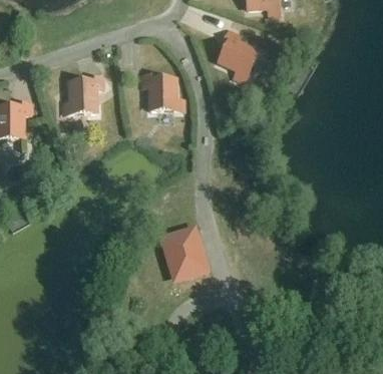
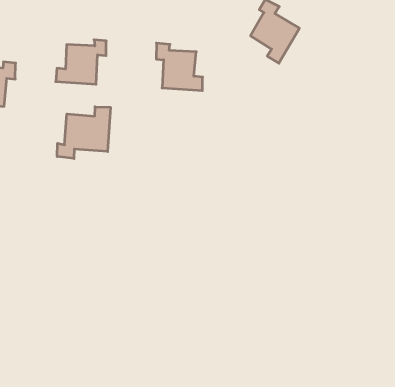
building: none -> [57,107,110,159]
building: [165,230,205,277] -> none

